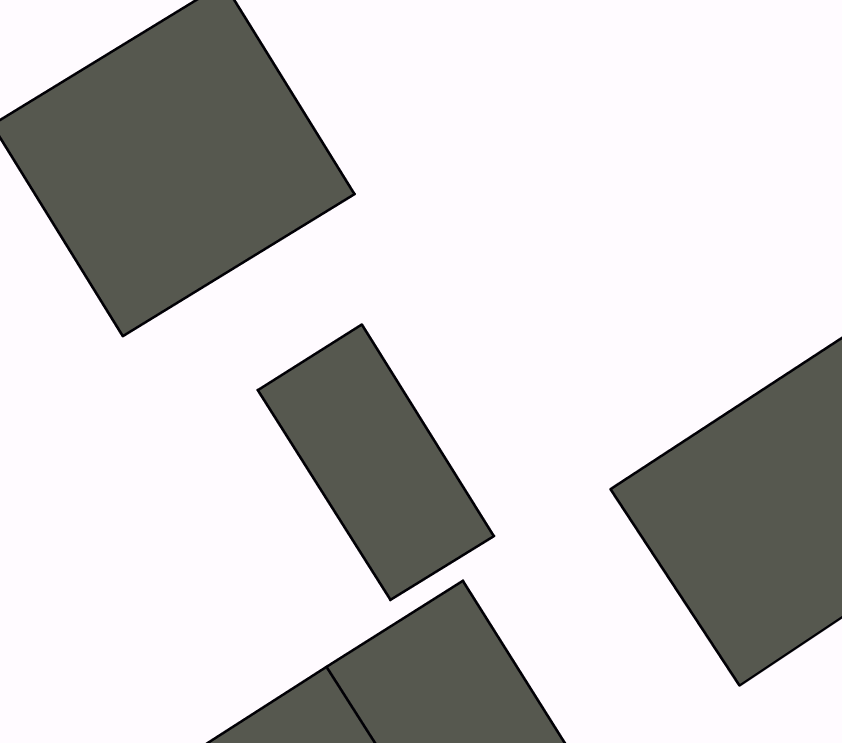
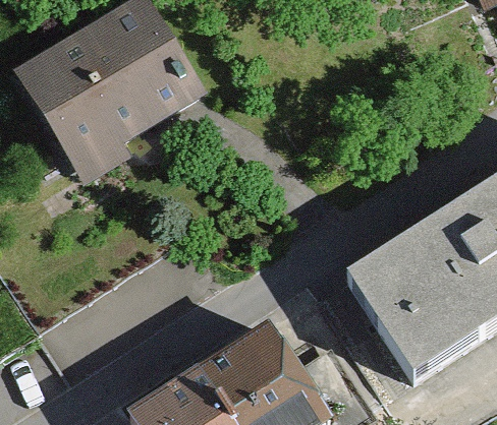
building: [258,325,494,600] -> none

